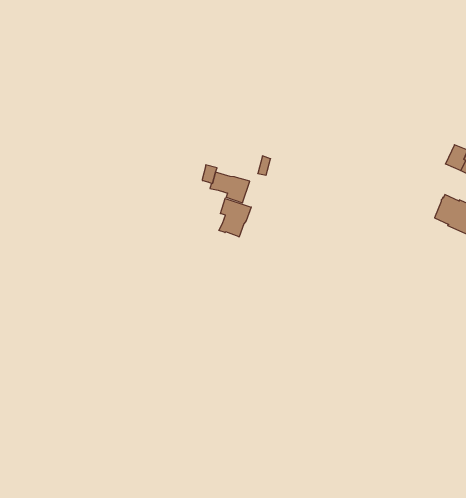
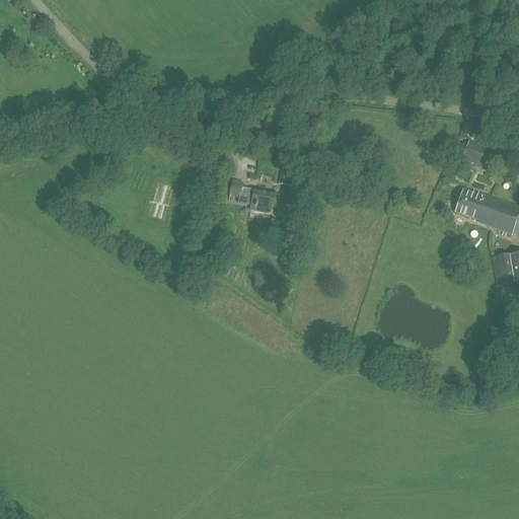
building: [219,198,251,237] -> none

